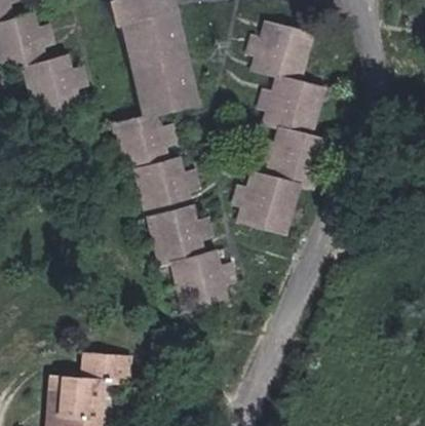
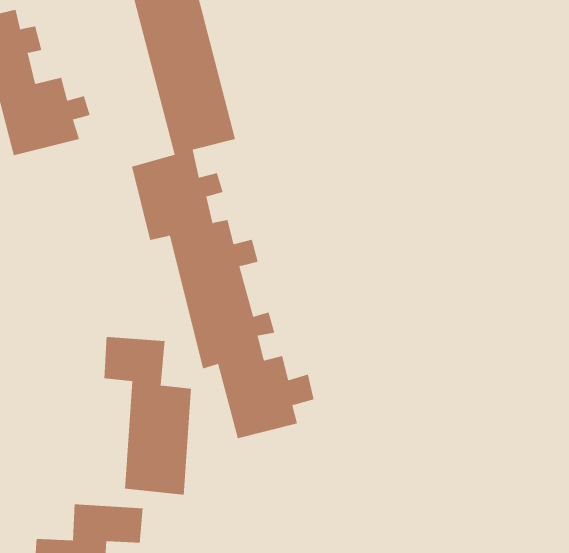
building: [233,25,326,231] -> none
building: none -> [104,336,192,496]

